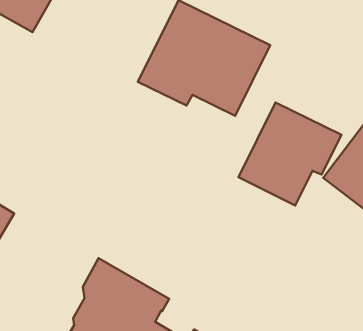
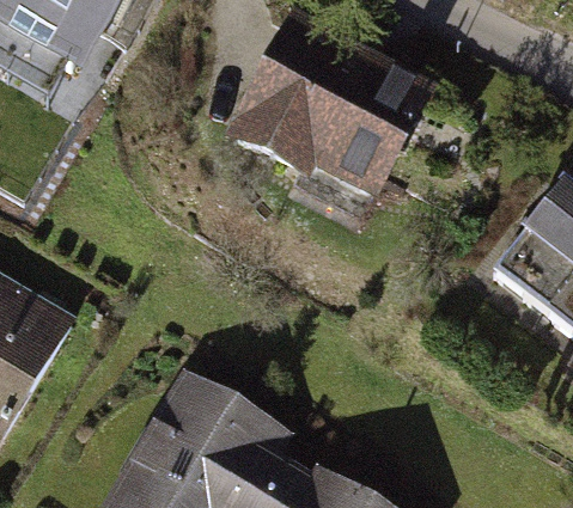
building: [239,103,341,205] -> none

